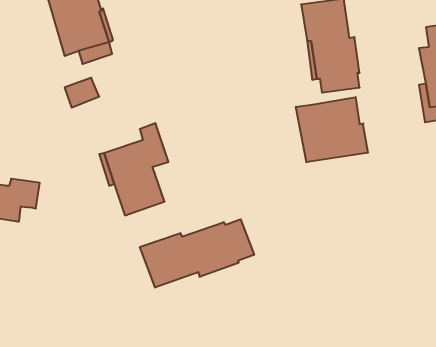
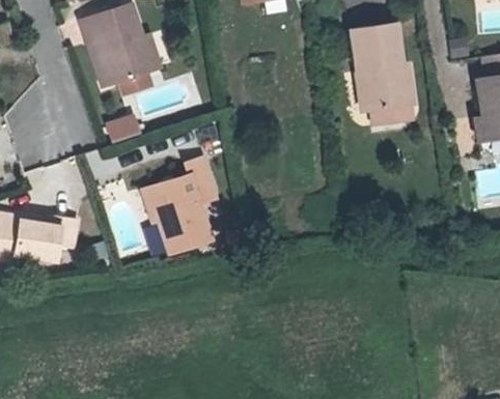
building: [296,97,368,162] -> none
building: [140,219,254,288] -> none

